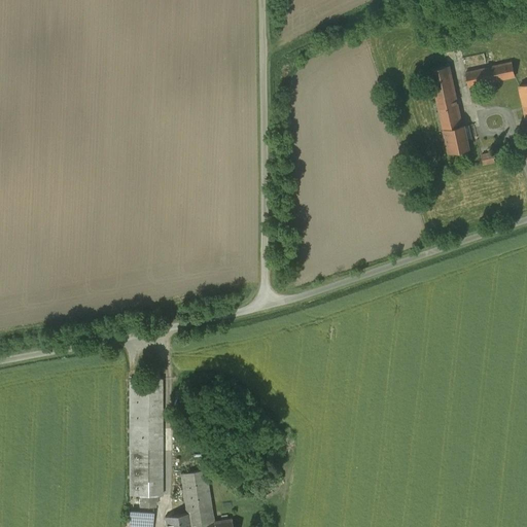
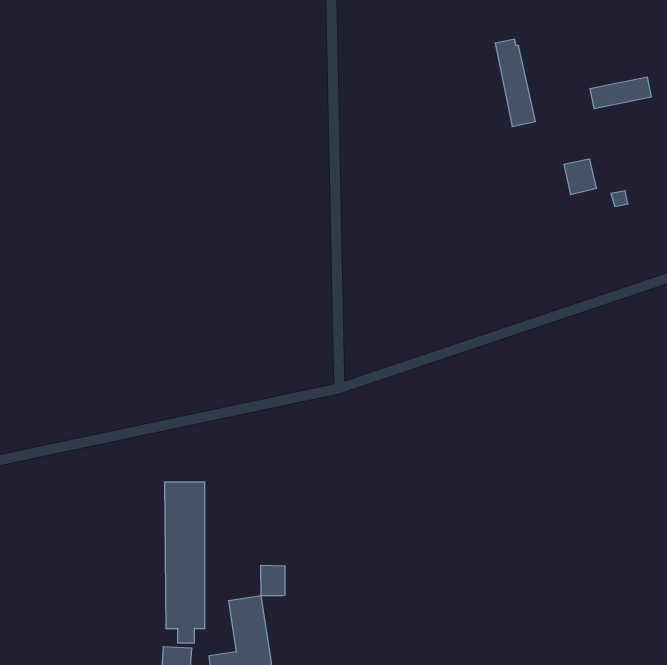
building: [431,63,463,132] -> [495,39,536,127]
building: none -> [261,565,285,596]

